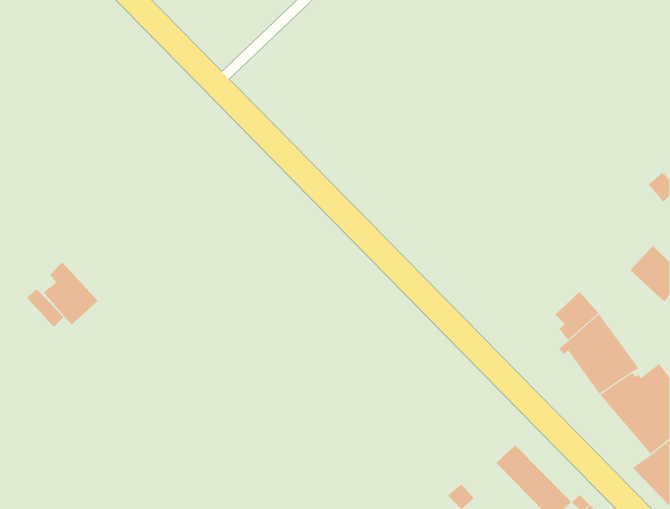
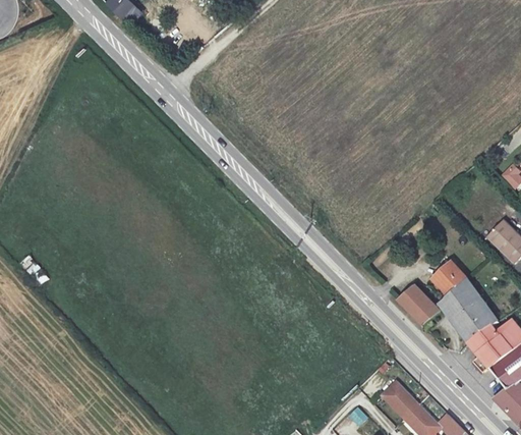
building: [43,261,98,326] -> none
building: none -> [394,283,438,324]

